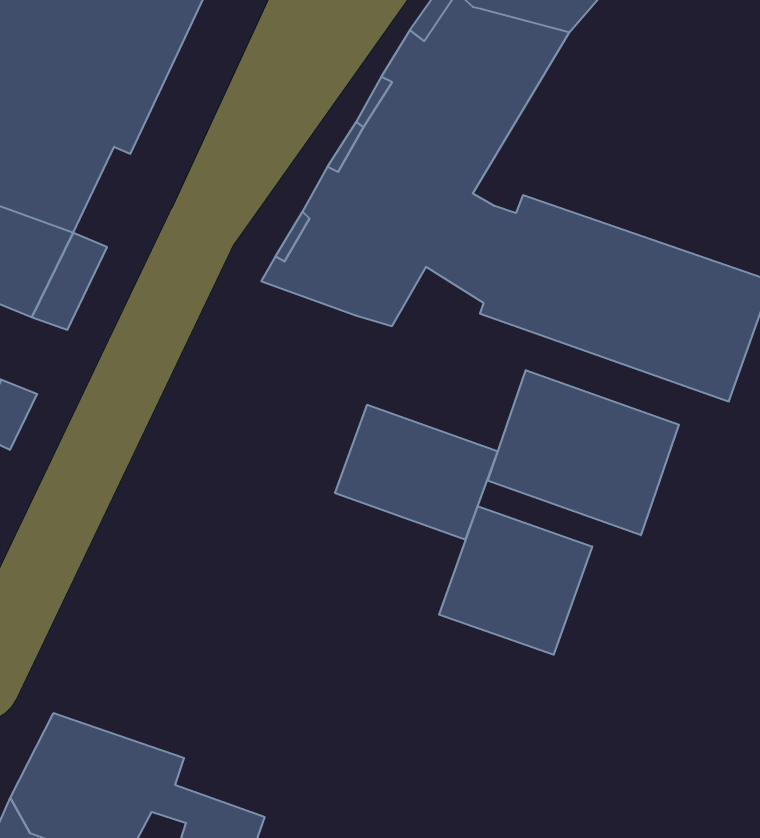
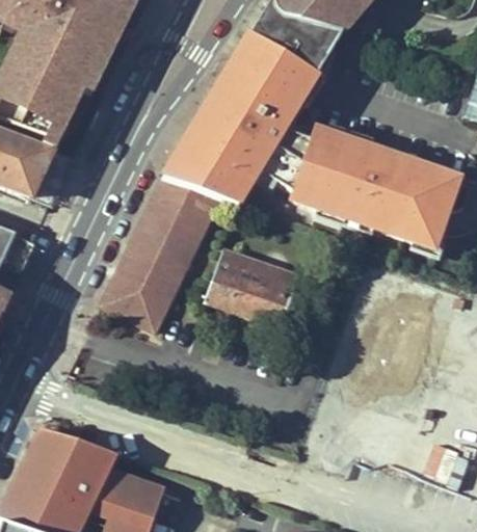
building: none -> [102,178,217,326]
building: [488,370,679,535] -> none
building: [439,506,592,655] -> none

